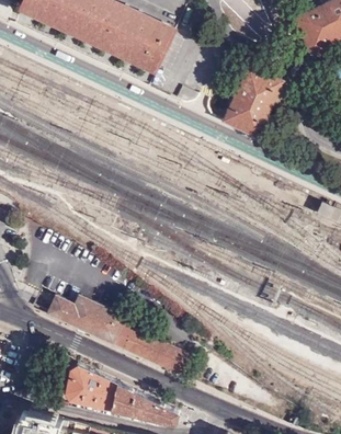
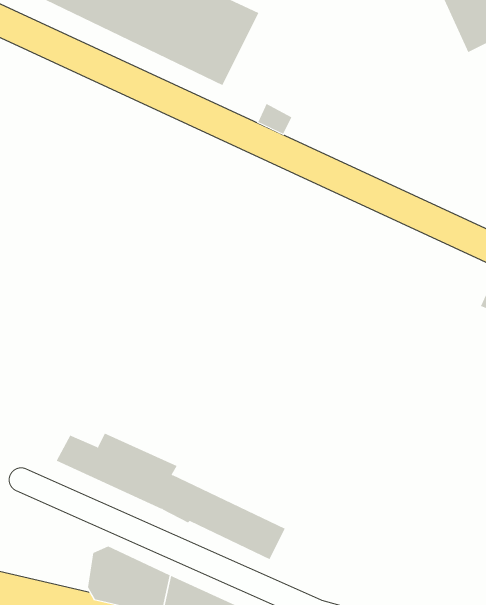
building: [219,65,281,138] -> none

